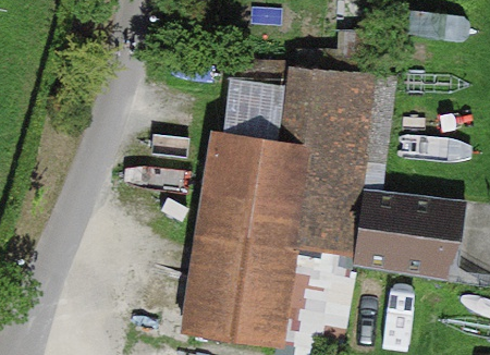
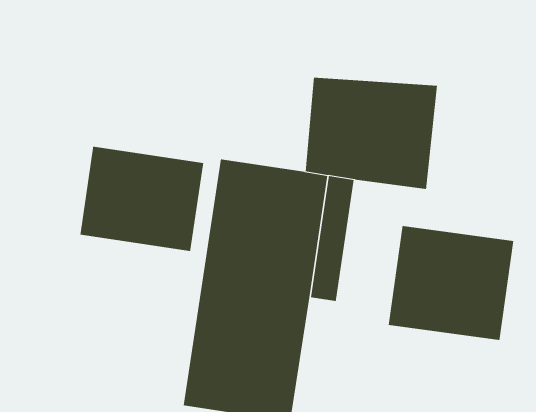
building: none -> [80,146,204,252]

